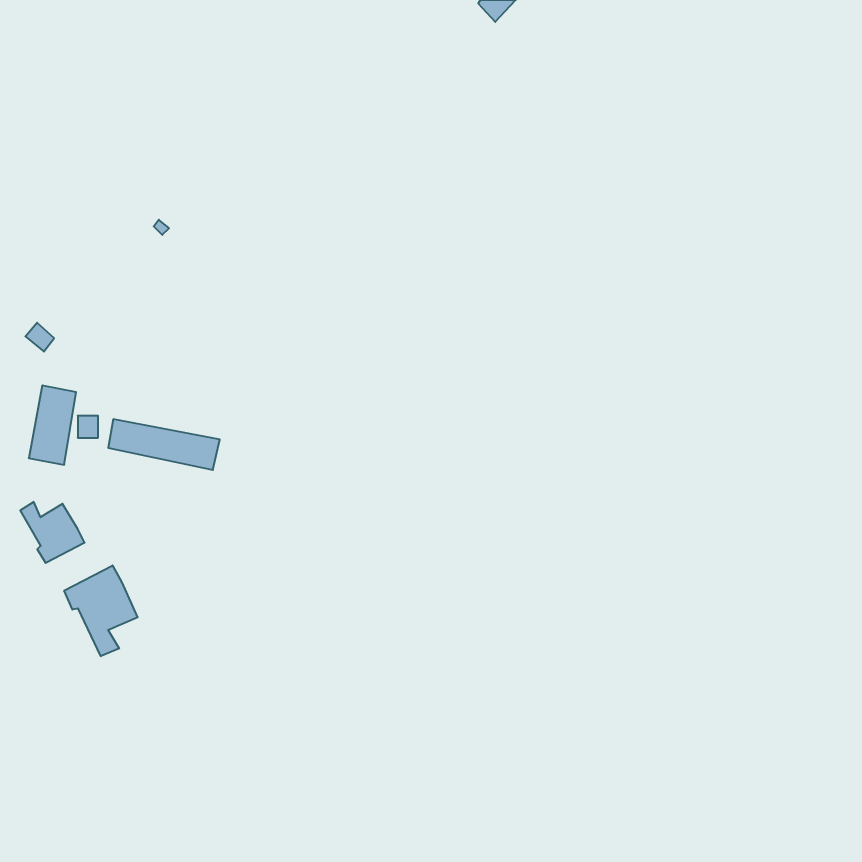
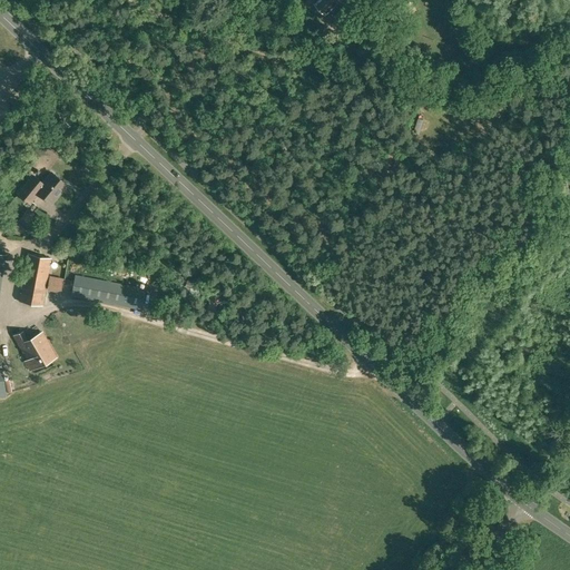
building: none -> [19,173,67,204]
building: [64,565,138,656] -> none

